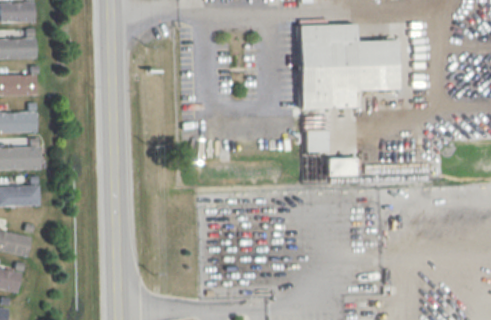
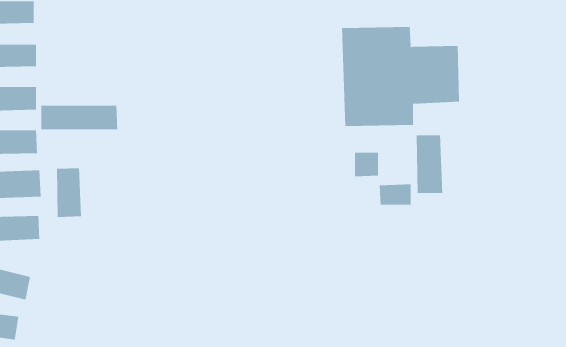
building: none -> [41,105,118,130]
building: none -> [416,134,443,194]
building: none -> [56,167,81,218]

